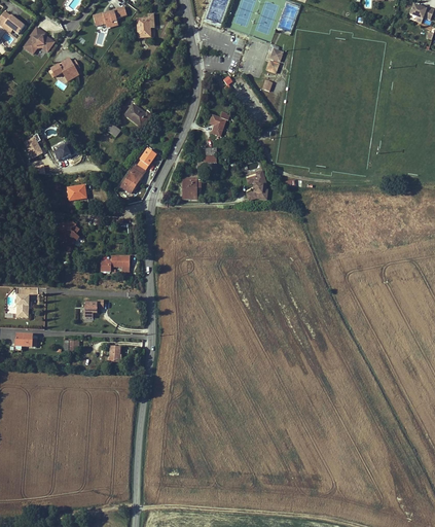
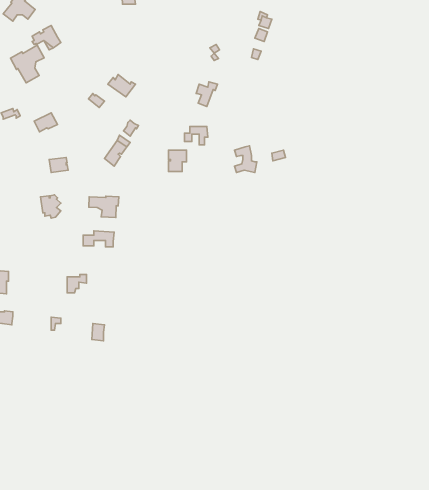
building: none -> [10,45,44,83]
building: none -> [89,196,119,217]

